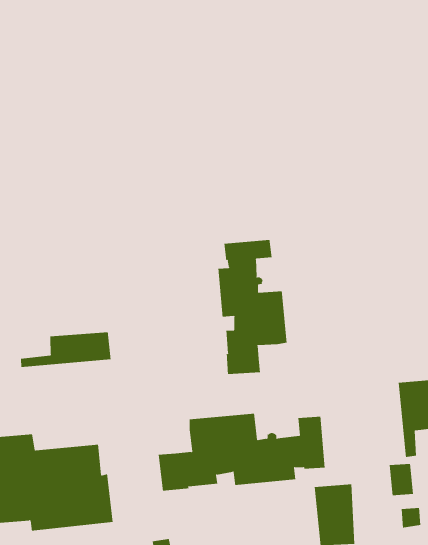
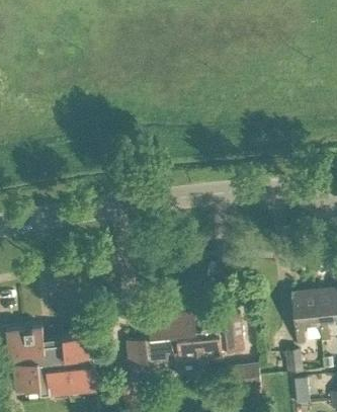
building: [218,239,287,375] -> none
building: [20,331,111,368] -> none

